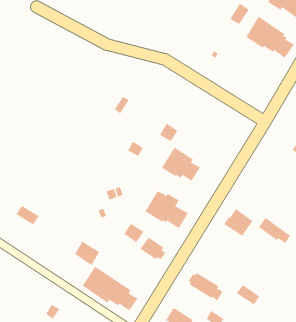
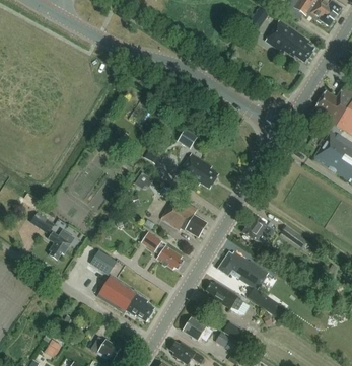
building: none -> [49,230,71,260]
building: none -> [218,251,269,290]

